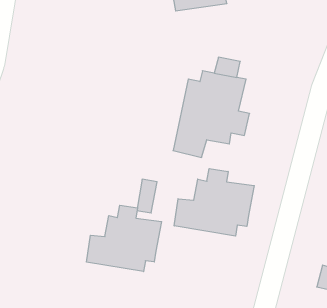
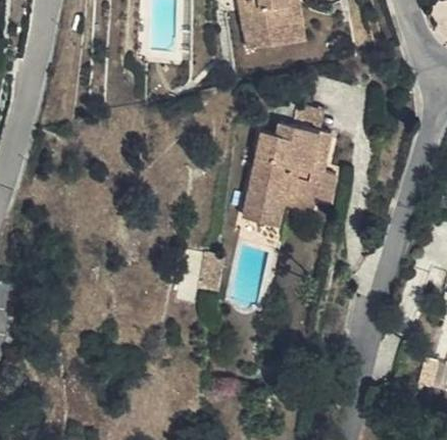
building: [174,169,254,236] -> none
building: [87,205,162,272] -> none

